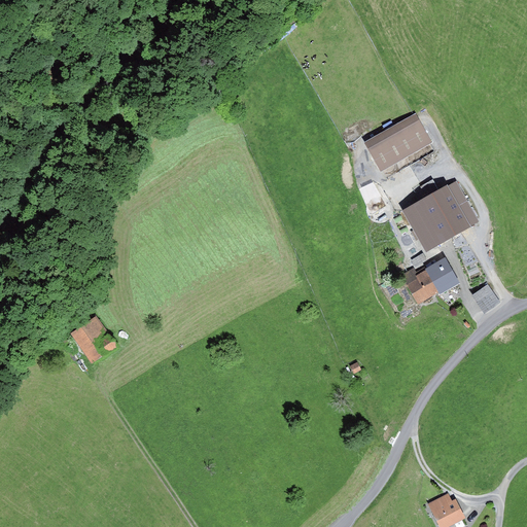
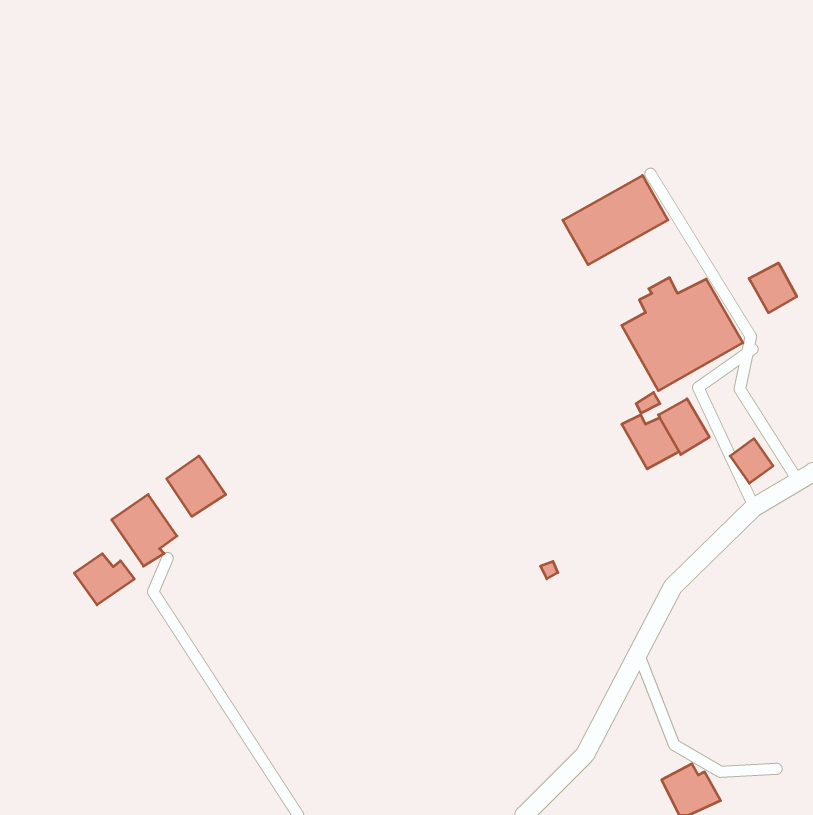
building: none -> [749,263,797,313]
building: none -> [167,456,226,516]
building: none -> [74,554,134,605]

